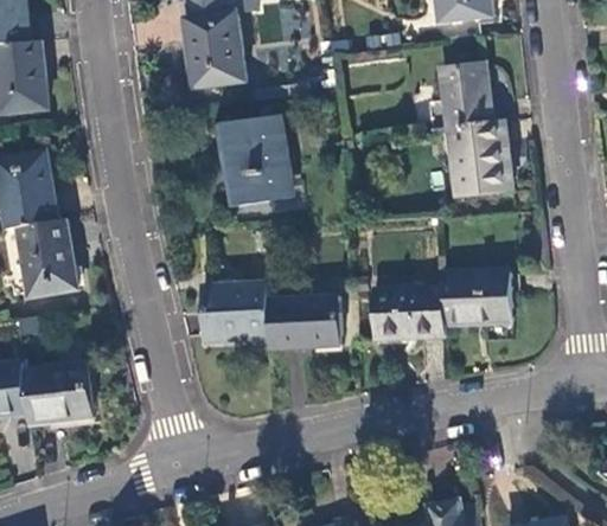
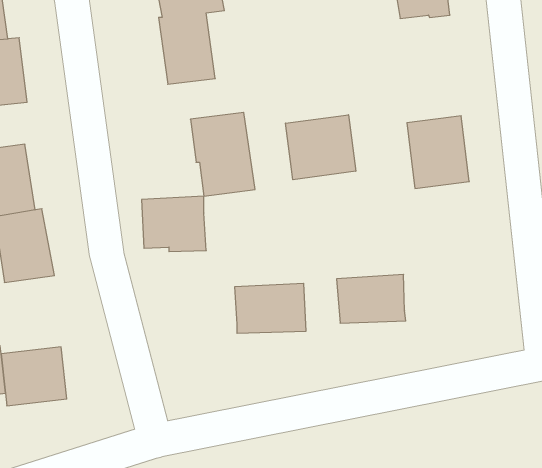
building: [440,68,493,130] -> none
building: none -> [286,115,356,180]
building: [442,272,511,327] -> none
building: [202,284,269,342] -> [142,196,206,252]

